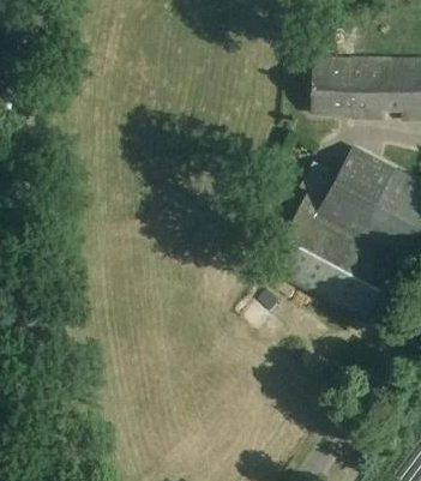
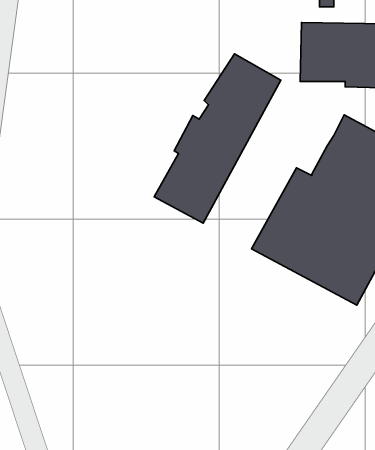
building: none -> [154,54,281,223]

